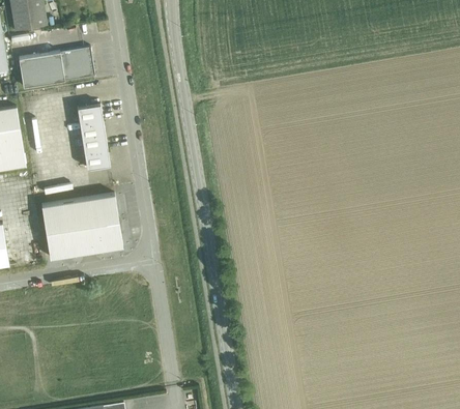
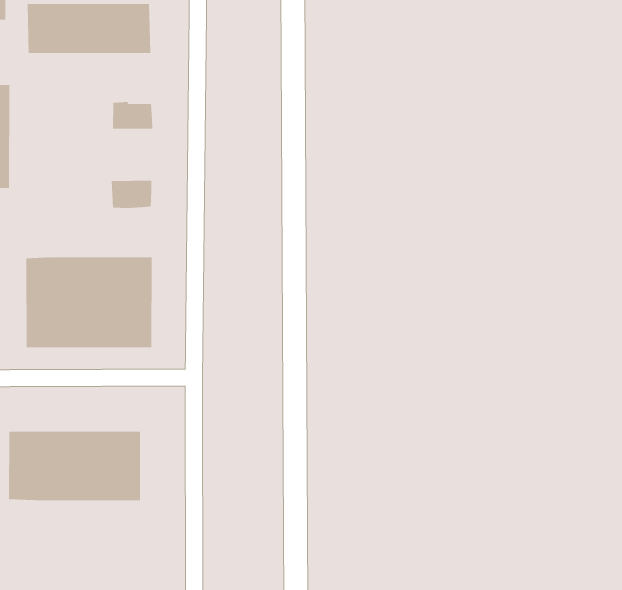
building: [79,119,107,153] -> none
building: none -> [8,431,141,501]

